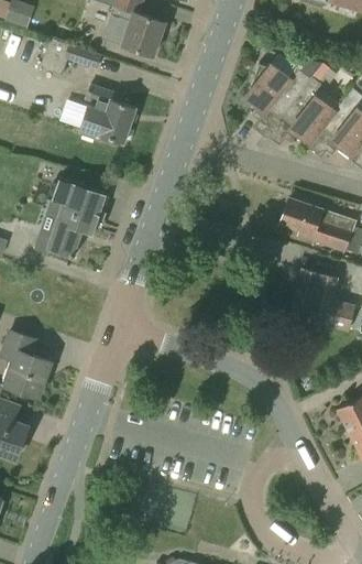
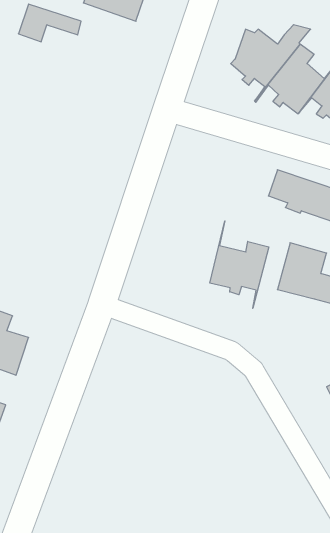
building: [81,83,136,142] -> none
building: [48,177,107,257] -> none
building: none -> [210,221,269,308]

